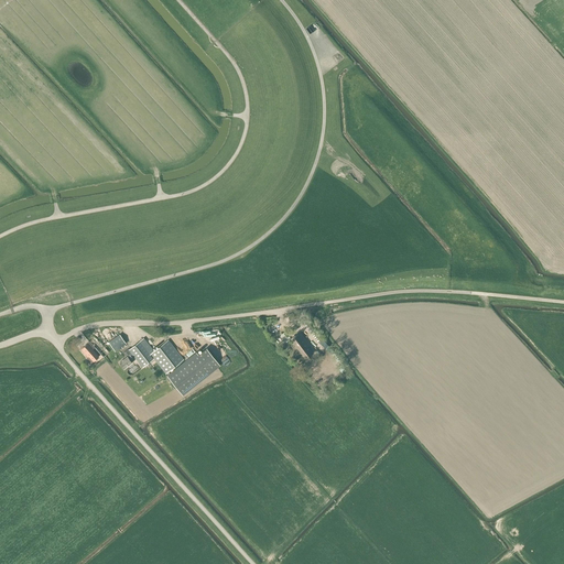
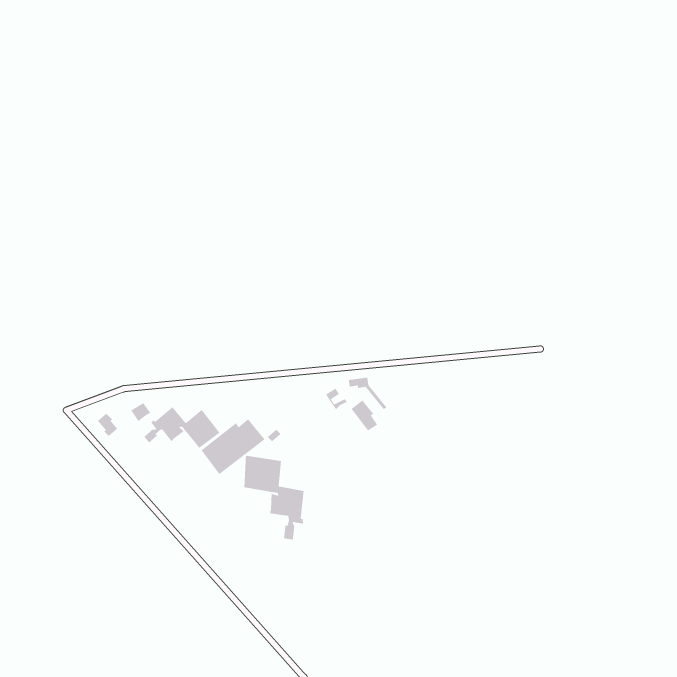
building: none -> [244,455,304,541]

